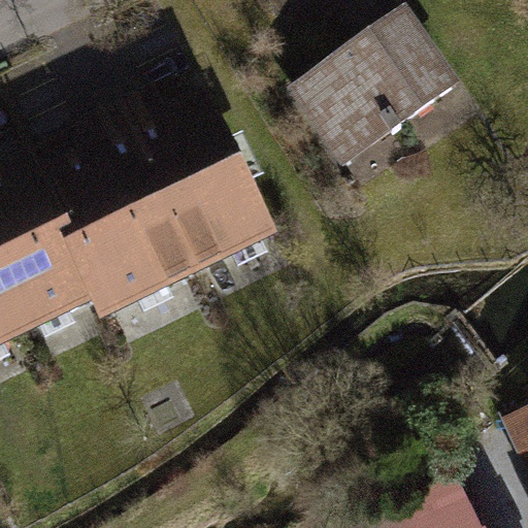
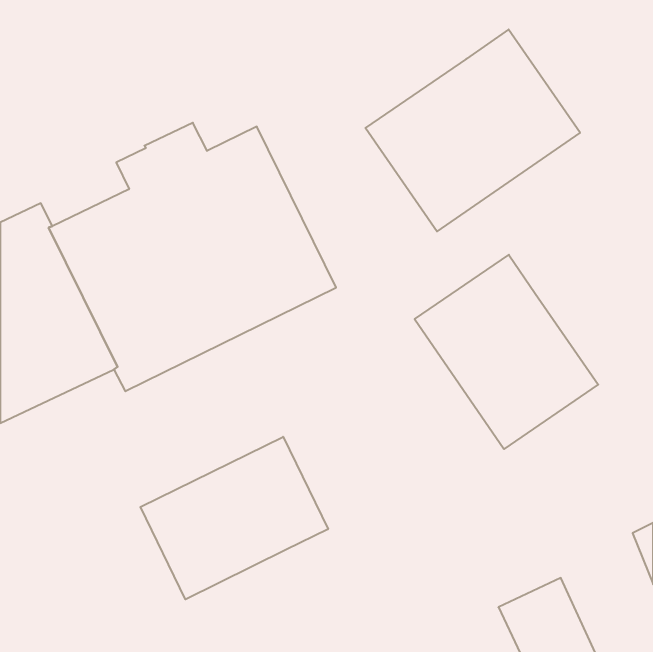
building: none -> [415,255,598,449]
building: none -> [140,437,328,599]

